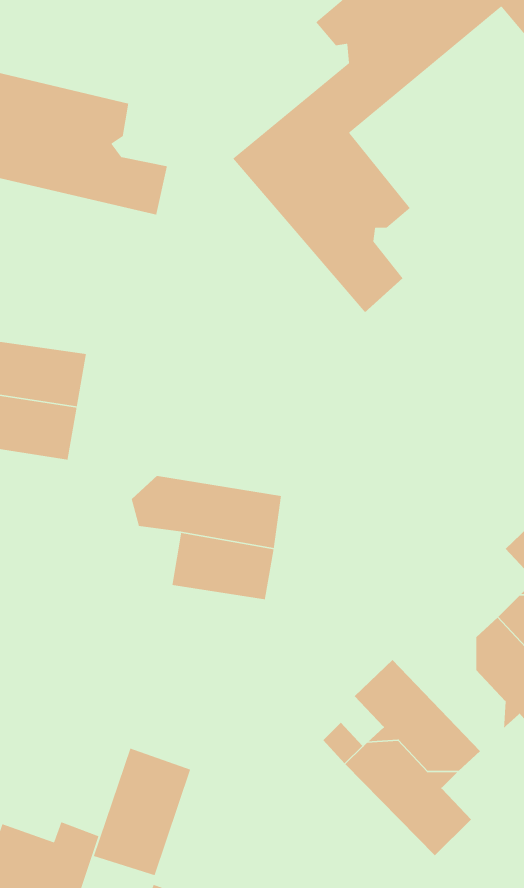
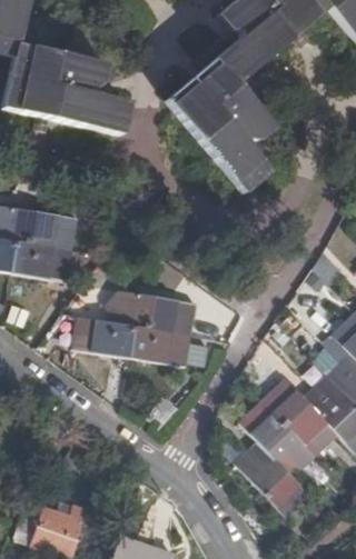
building: none -> [72,315,136,356]
building: none -> [264,378,332,456]
building: [93,748,191,876] -> none

